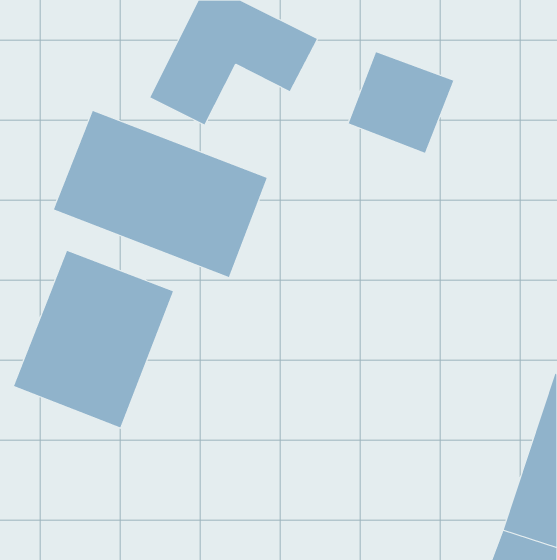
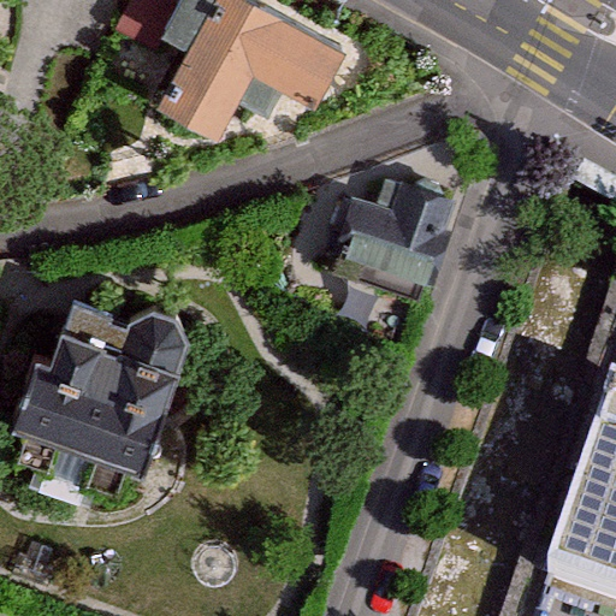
building: [348,52,454,153] -> [338,190,454,301]
building: [53,110,267,278] -> none

